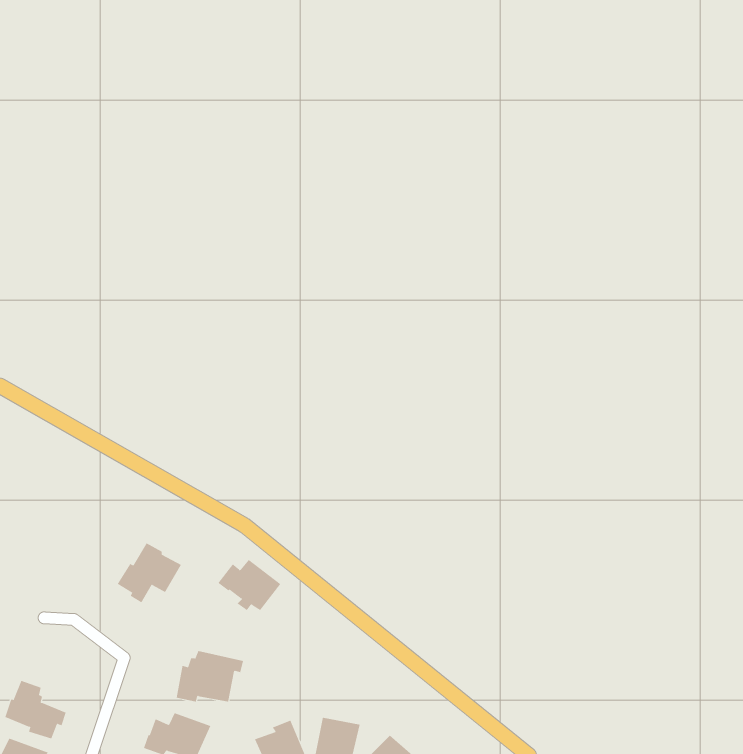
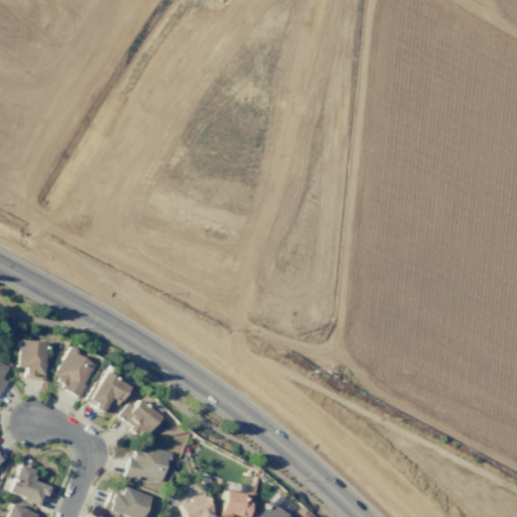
building: none -> [20,340,49,382]
building: none -> [58,346,98,399]
building: [218,559,281,611] -> [120,400,164,435]

